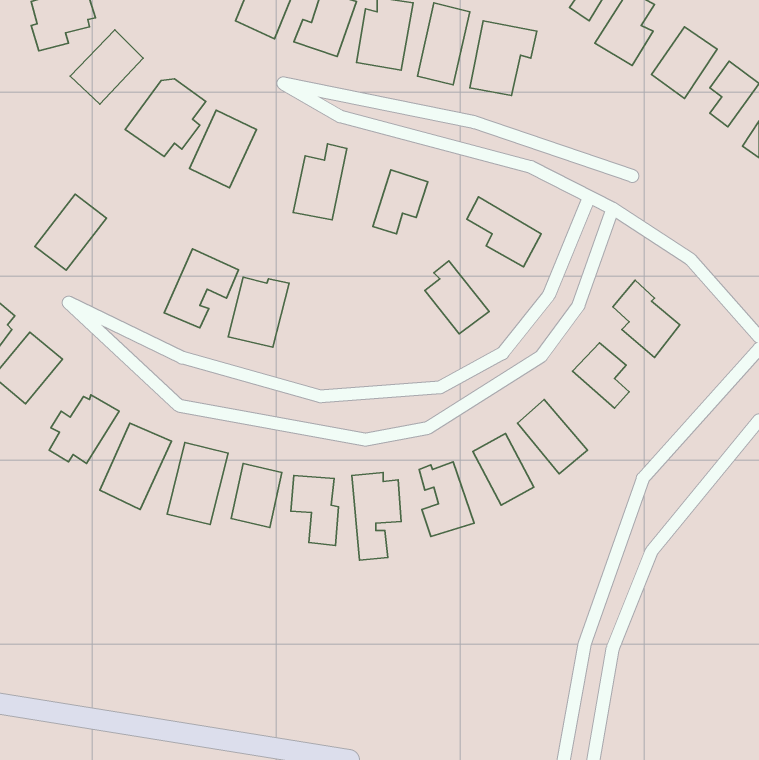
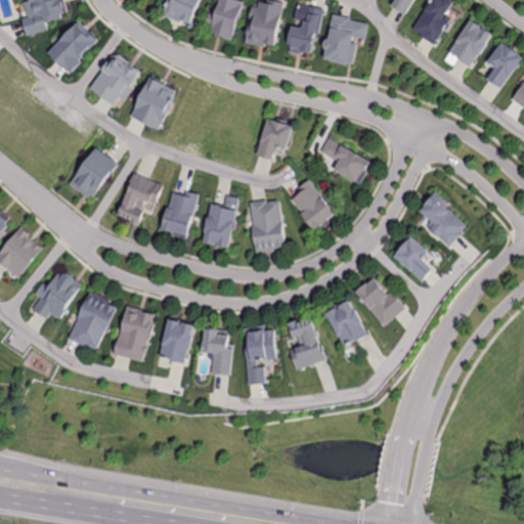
building: [293,144,347,220] -> [203,194,239,247]
building: [35,194,107,270] -> [69,147,118,200]
building: none -> [250,199,286,253]

